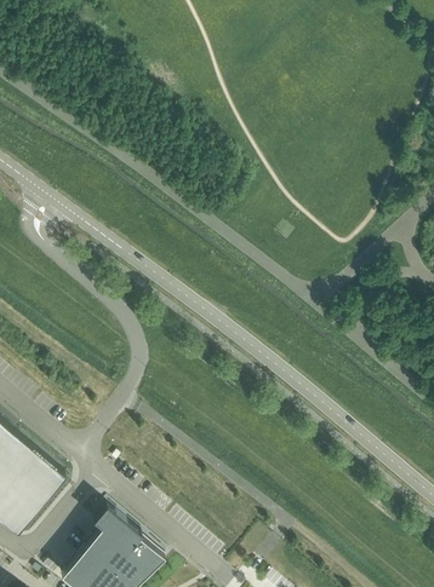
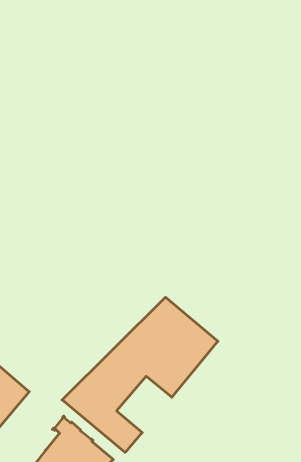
building: none -> [62,297,218,452]

